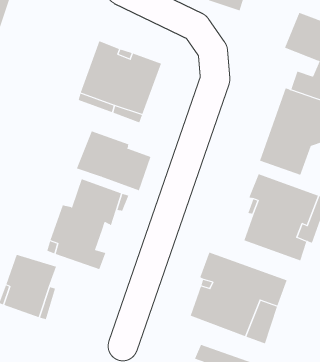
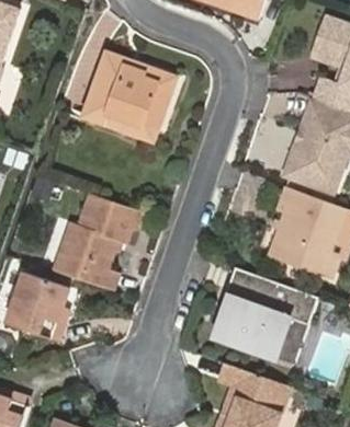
building: [76,131,151,191] -> none

